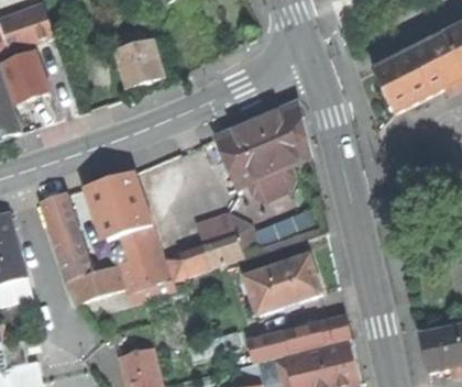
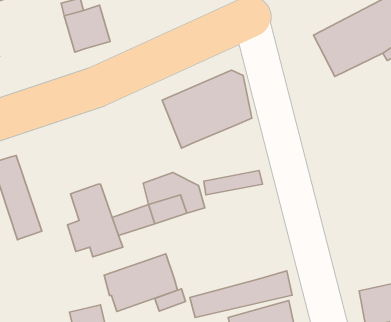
building: [246,163,296,200] -> none
building: [85,172,151,239] -> none
building: [244,256,320,316] -> [104,254,178,312]
building: [69,265,125,302] -> none

